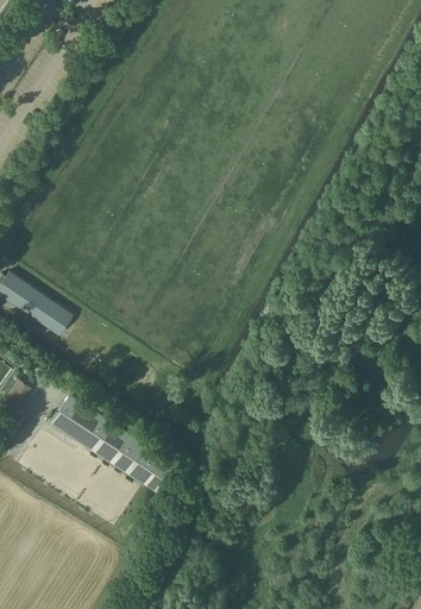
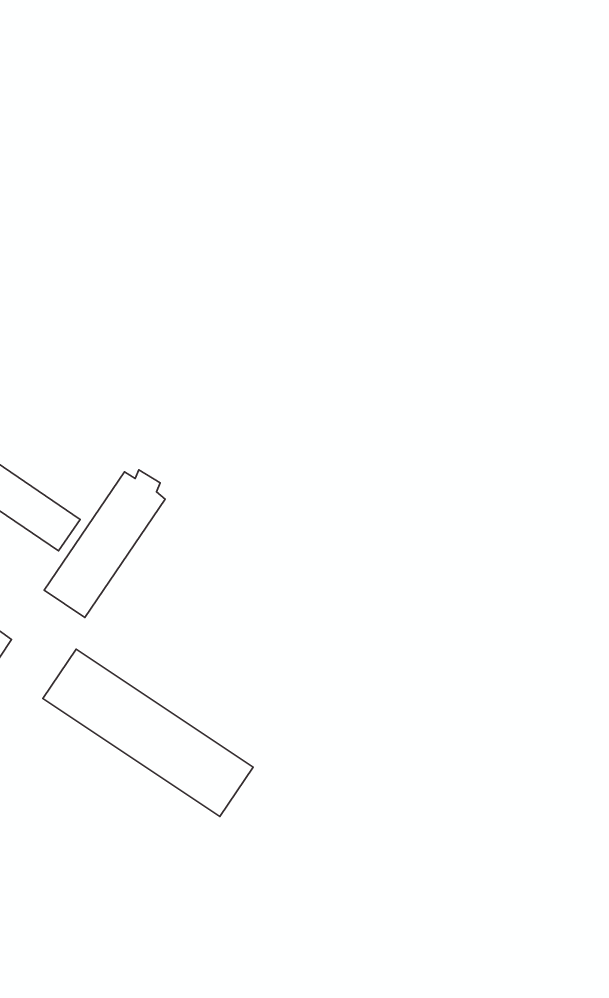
building: none -> [44,470,165,617]

